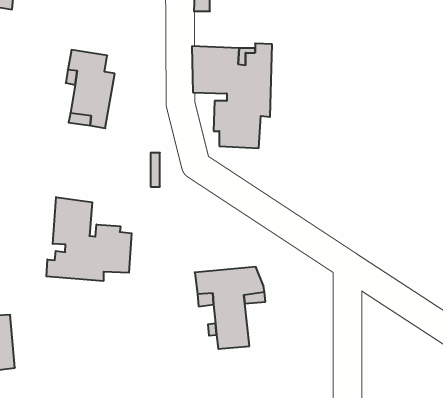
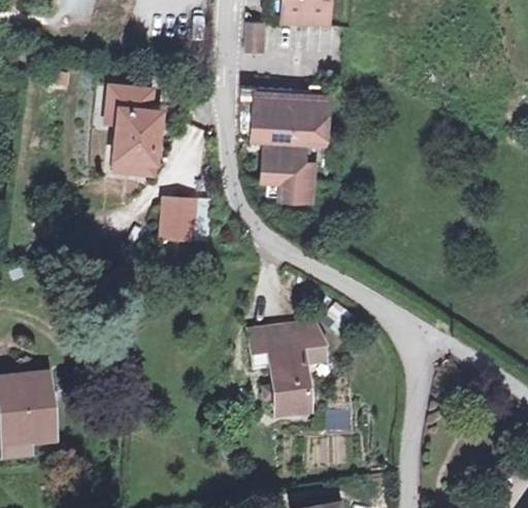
building: none -> [160,199,194,240]
building: [46,197,132,281] -> none

